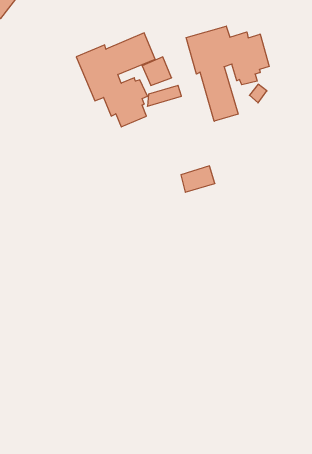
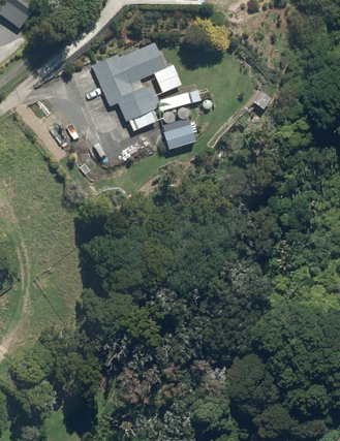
building: [186,26,269,121] -> none
building: [181,166,215,192] -> [163,124,195,149]

